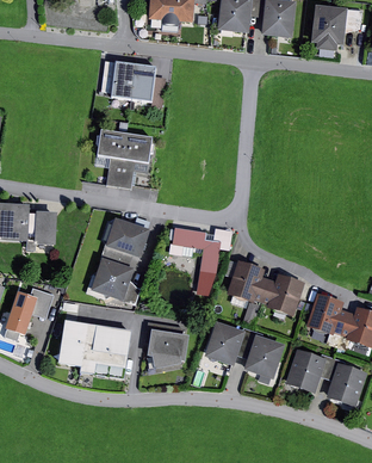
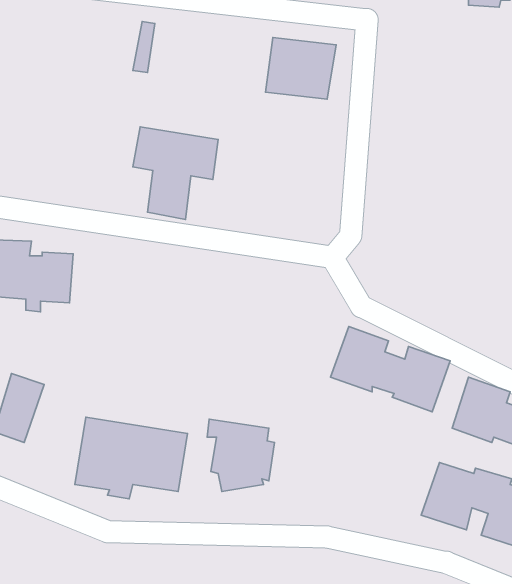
building: [110,62,156,103] -> [265,38,336,99]
building: [91,217,150,301] -> none
building: [168,227,221,272] -> none
building: [205,322,285,379] -> none

